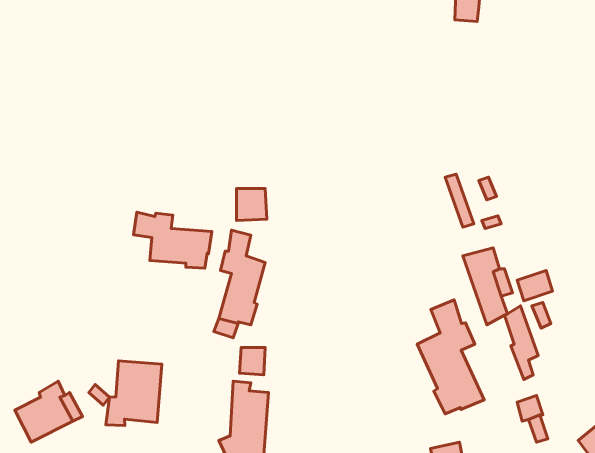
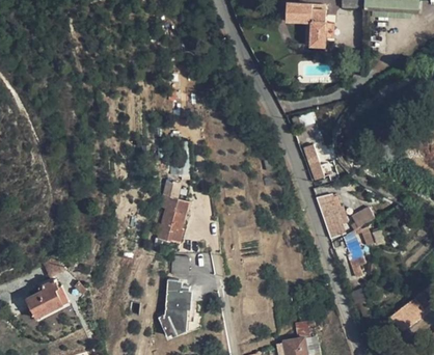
building: [134,212,212,268] -> none
building: [417,300,484,414] -> none
building: [106,361,162,425] -> none

